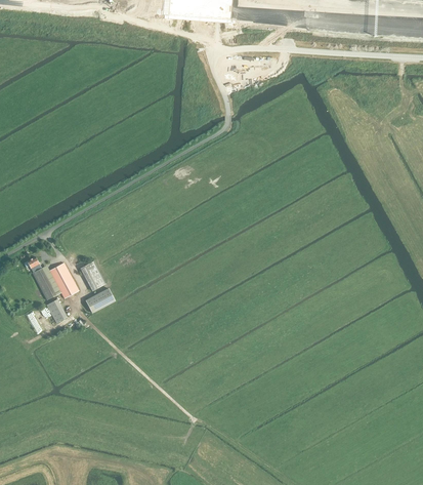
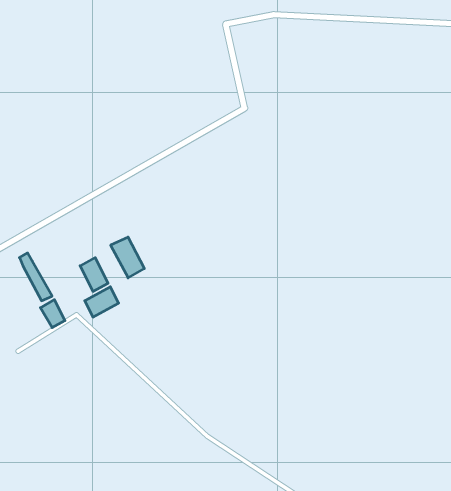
building: [48,262,78,298] -> [111,237,144,278]

